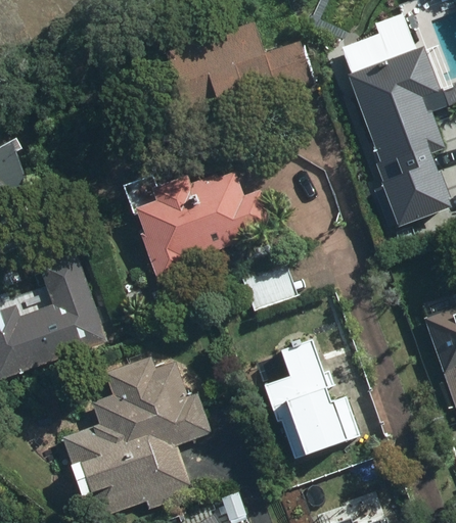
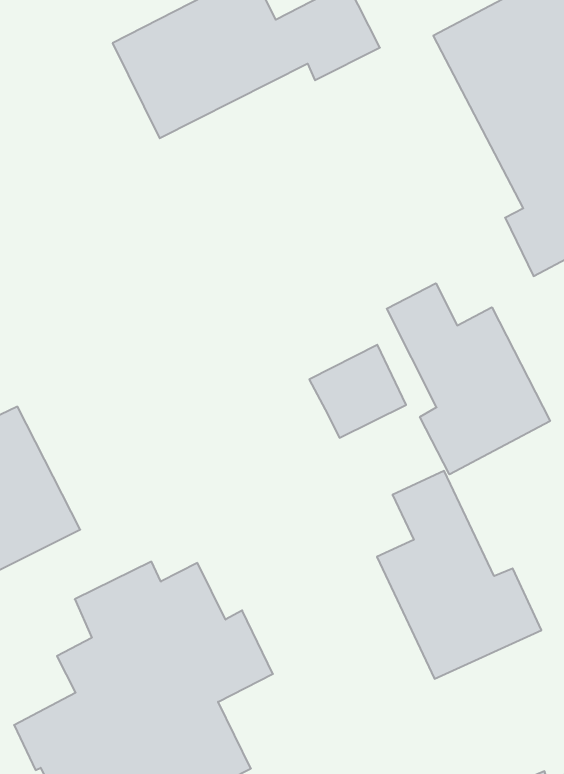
building: [135,175,270,279] -> none
building: none -> [387,283,550,474]

